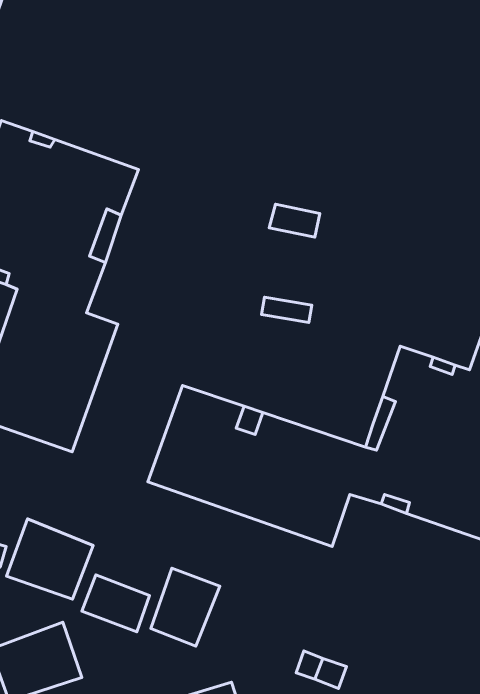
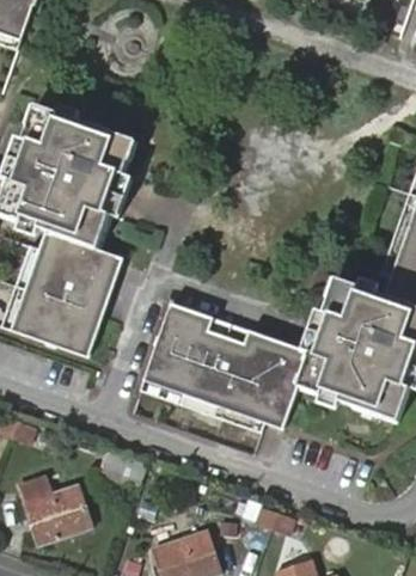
building: [6,519,93,599] -> none
building: [151,568,220,646] -> none

